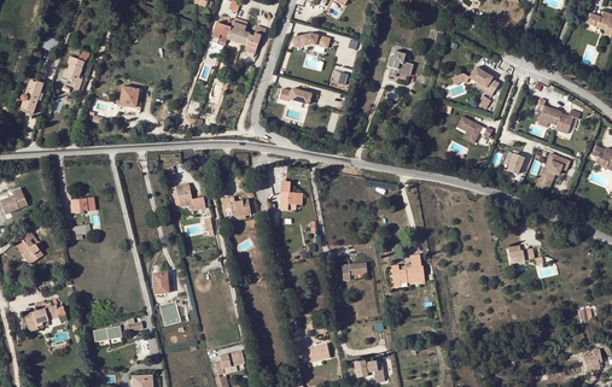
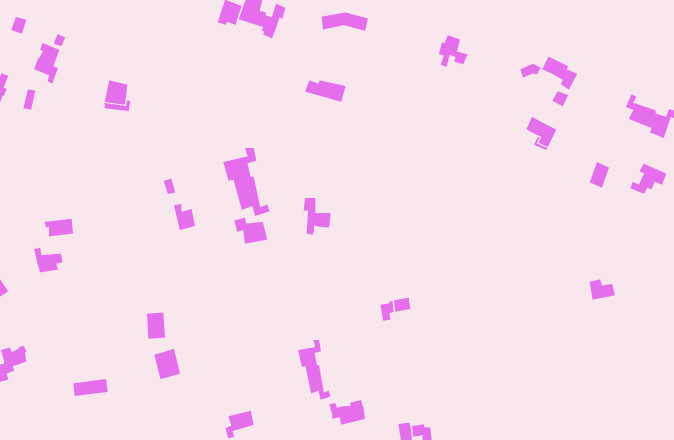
building: none -> [223,147,270,217]
building: [391,256,425,283] -> none
building: none -> [298,339,331,400]

